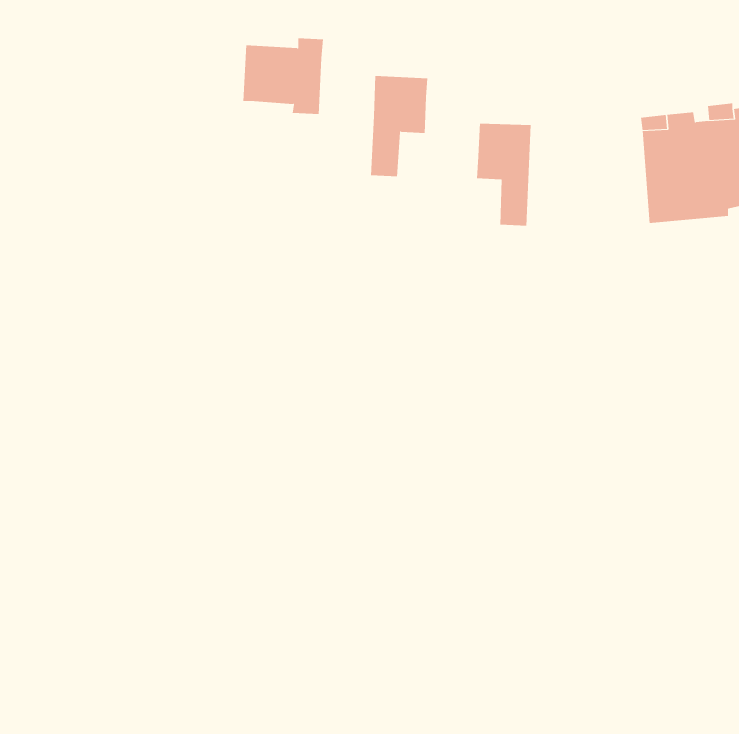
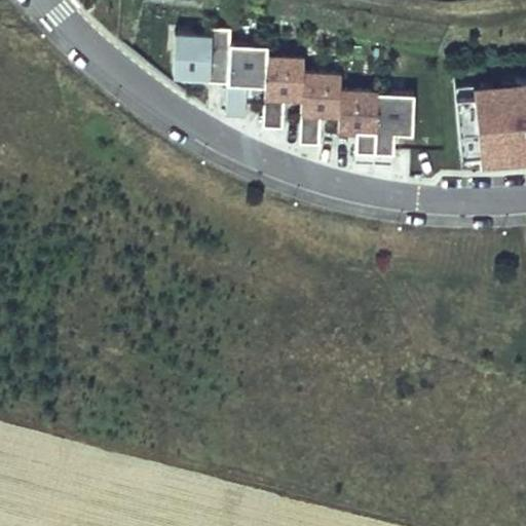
building: none -> [227,46,268,118]
building: none -> [301,74,341,147]
building: none -> [375,93,415,166]

